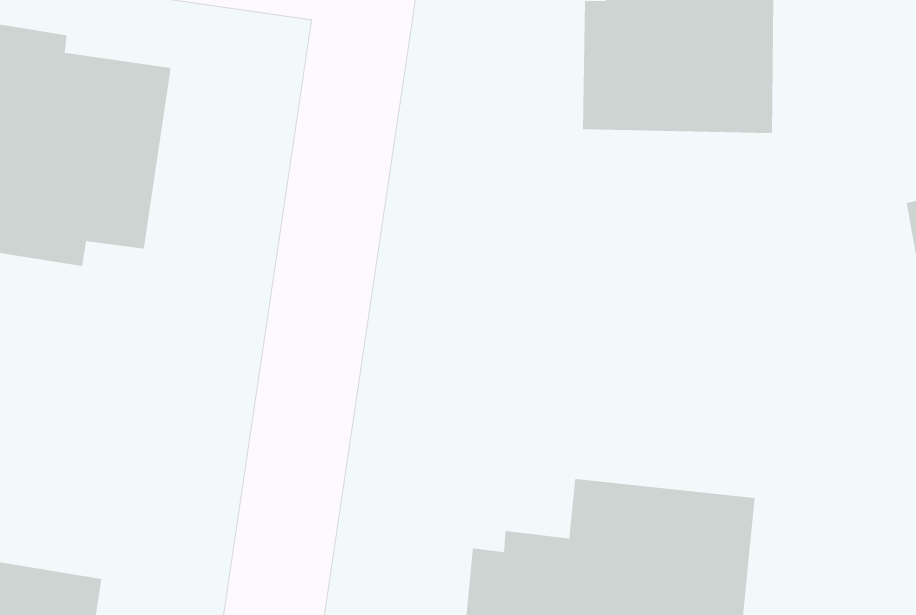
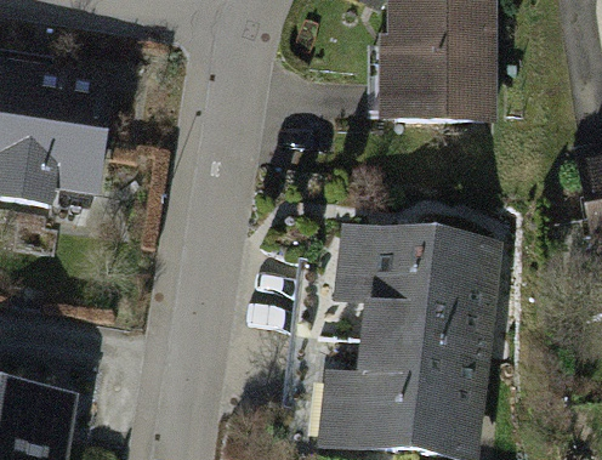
building: none -> [324,225,499,352]

